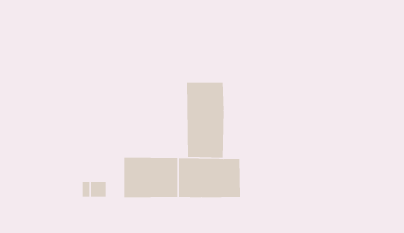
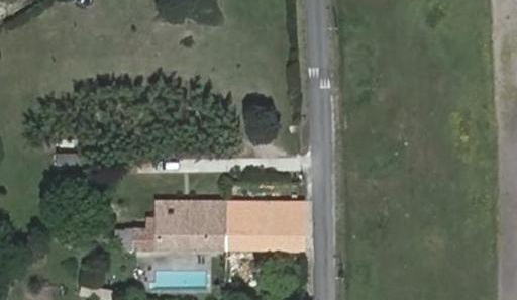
building: [187,82,224,159] -> none

